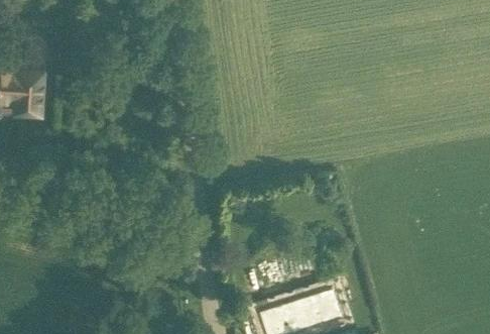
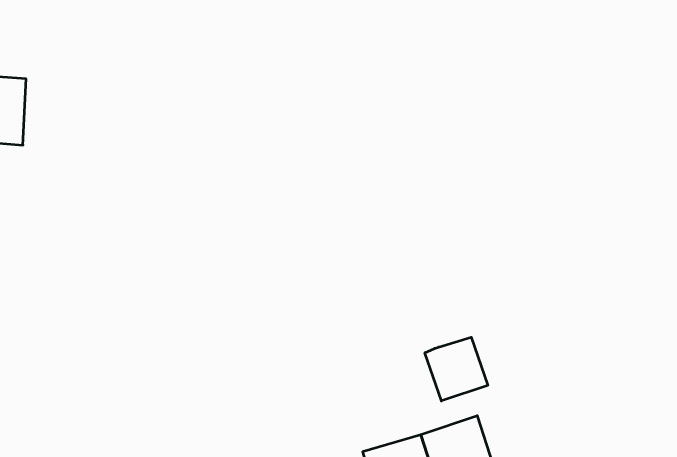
building: none -> [425,337,488,401]

